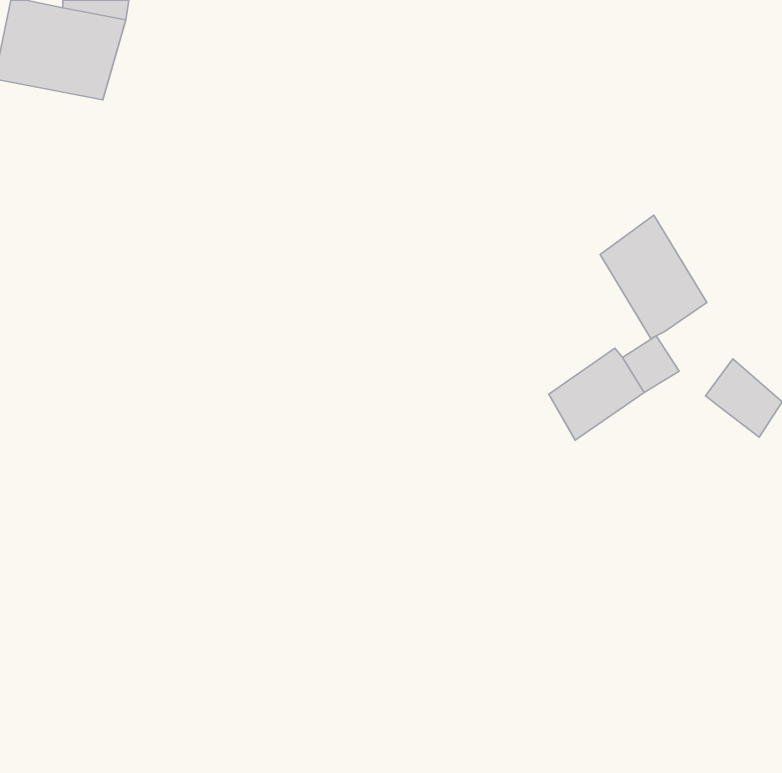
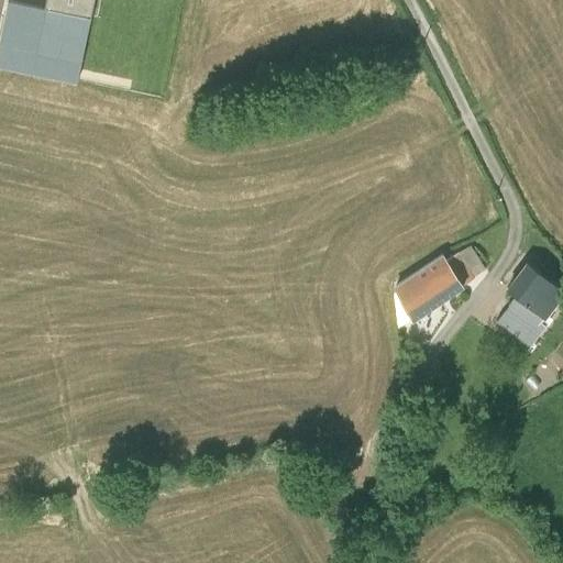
building: [600,215,707,339] -> none
building: none -> [497,299,544,345]

